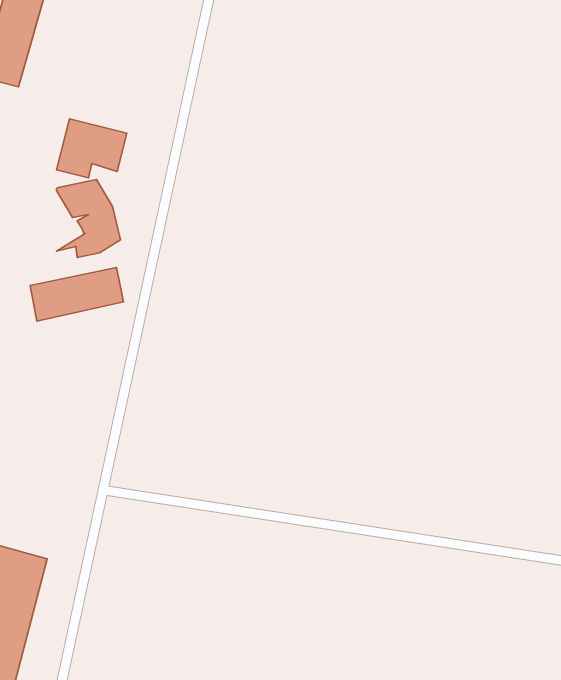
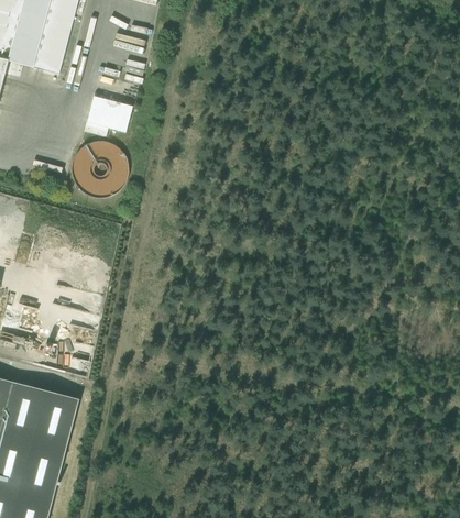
building: [30,268,123,321] -> none

